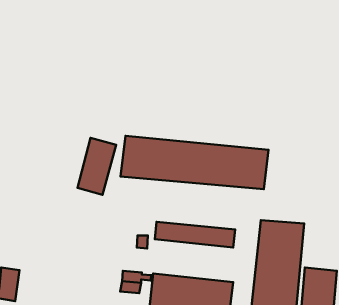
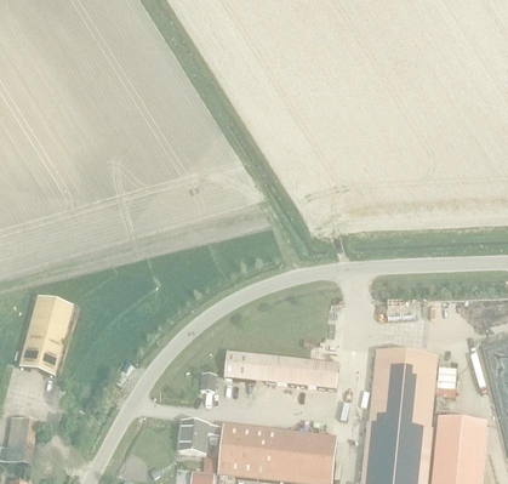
building: [121,136,268,189] -> none
building: [77,138,116,195] -> [18,294,73,374]

